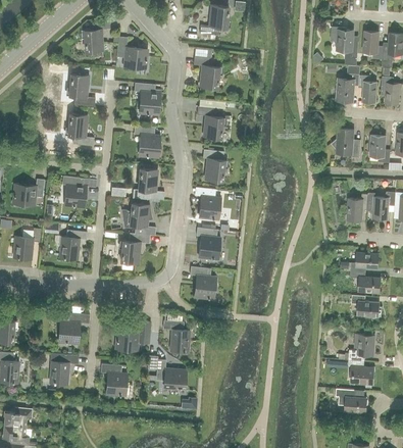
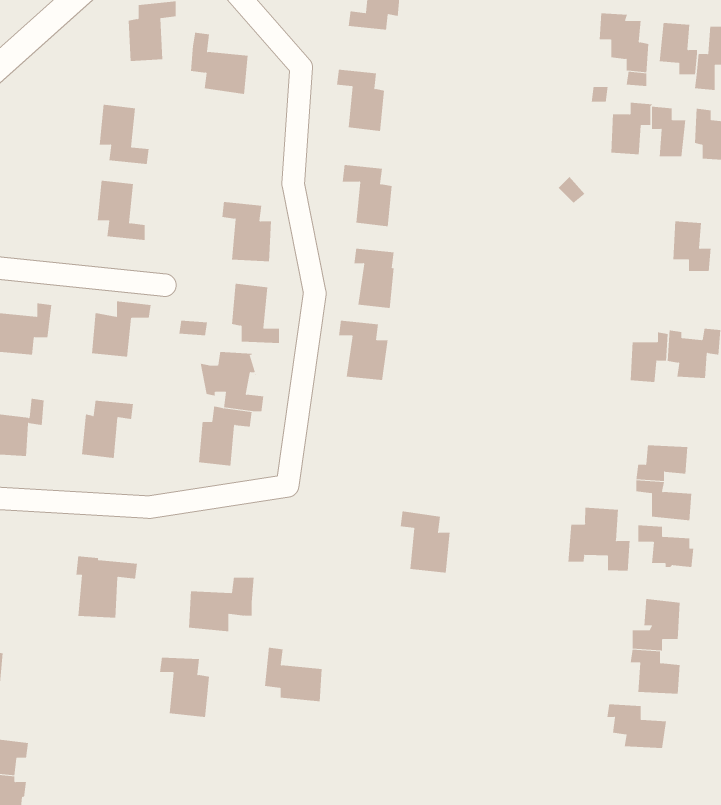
building: [134,83,160,114] -> none
building: [331,130,360,158] -> none
building: [196,228,219,259] -> none
building: [189,266,215,299] -> [400,511,450,573]
building: none -> [568,507,630,572]
building: [162,320,189,352] -> none
building: [49,353,78,385] -> none

